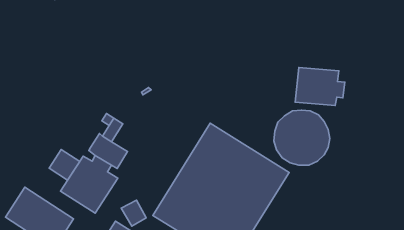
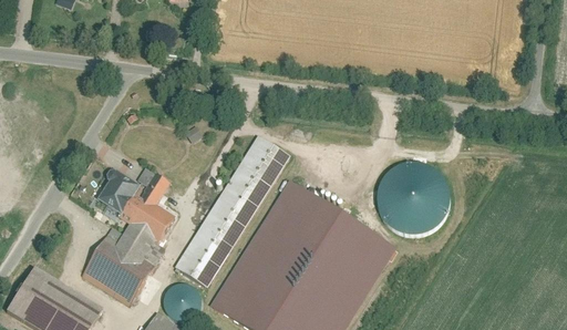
building: [295,68,345,106] -> none
building: none -> [175,135,290,285]
building: [49,149,80,180] -> [99,171,141,213]

